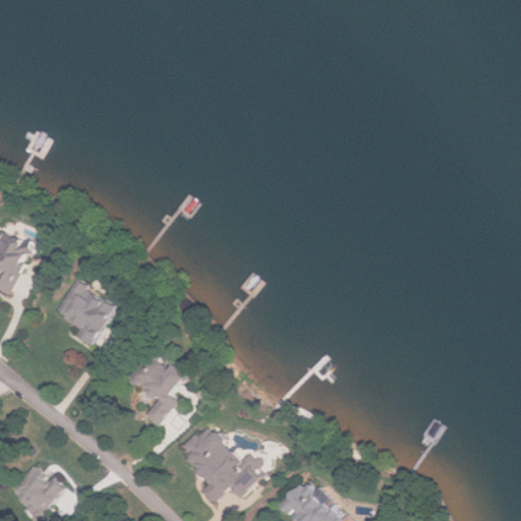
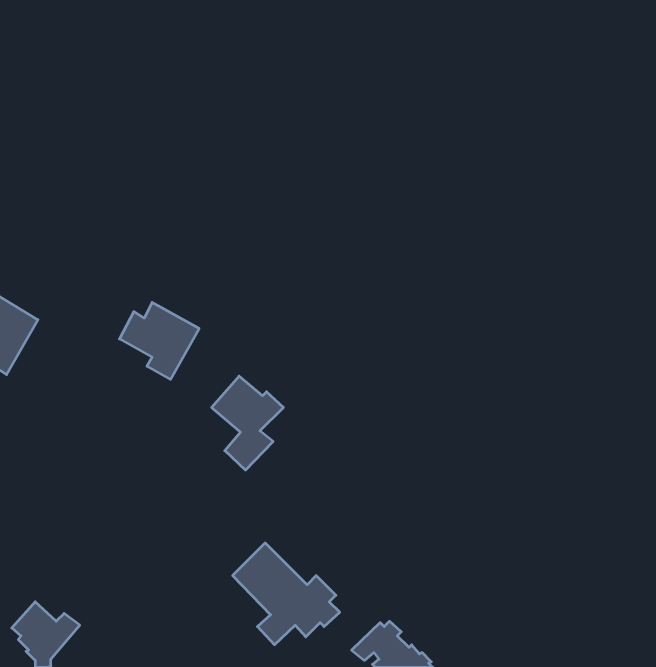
building: [53,284,115,344] -> [119,302,199,379]
building: [130,351,186,424] -> [212,376,283,470]

